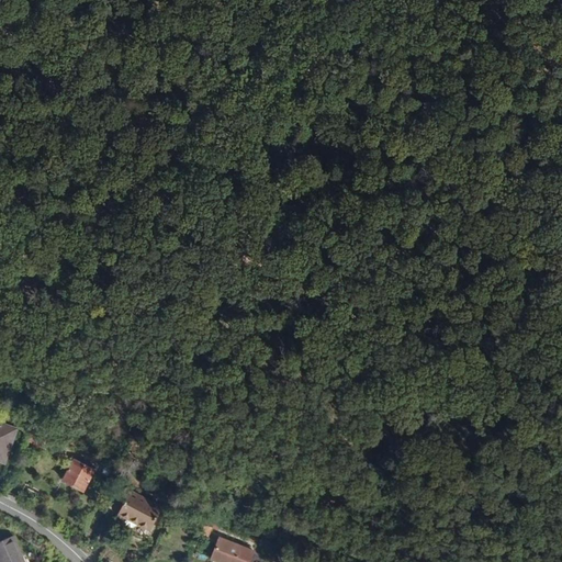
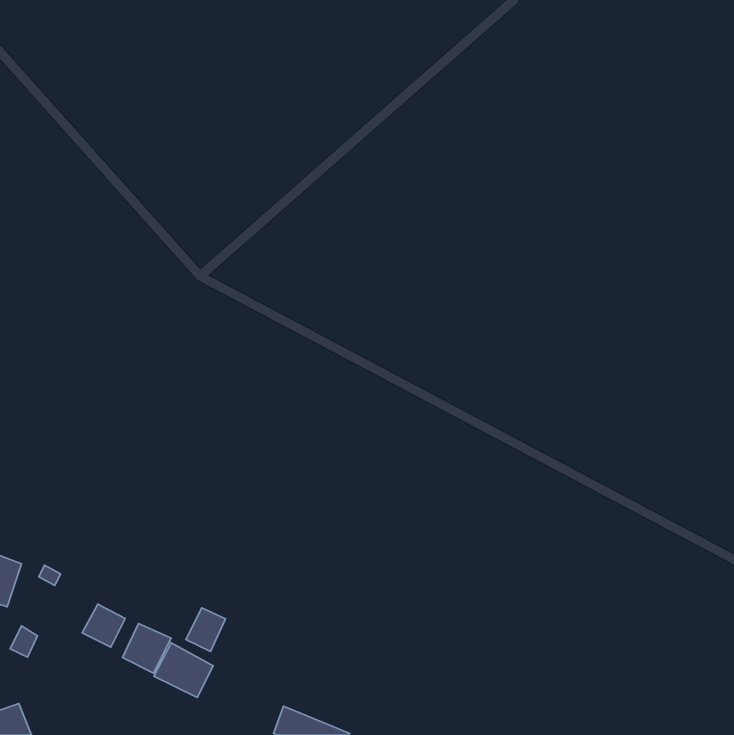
building: none -> [186,608,226,652]
building: none -> [122,624,171,673]

